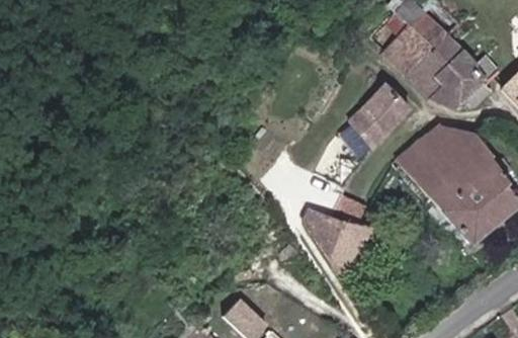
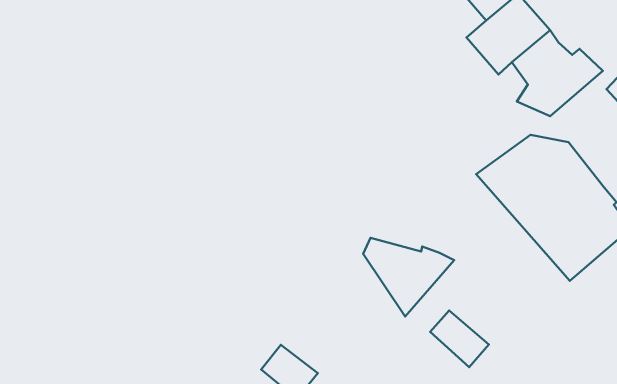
building: [348,82,409,143] -> none
building: none -> [430,310,489,367]

